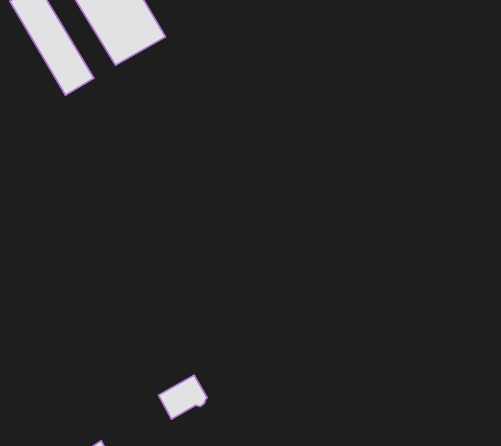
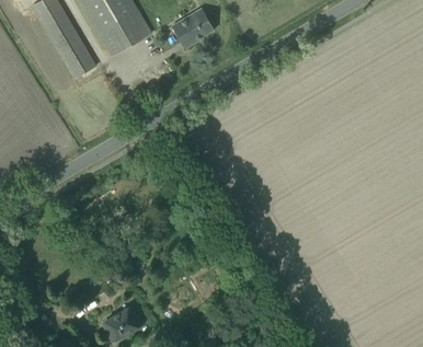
building: none -> [173,11,214,47]
building: [159,375,207,419] -> [103,306,140,340]

